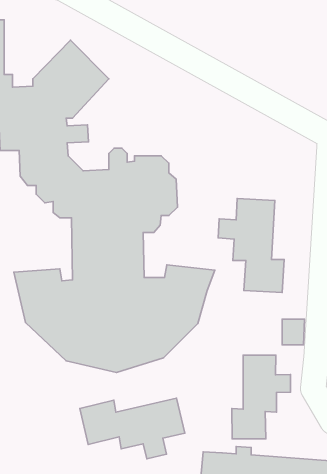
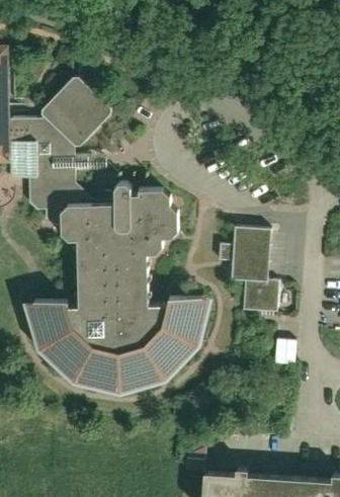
building: [232,355,291,439] -> none
building: [80,398,185,459] -> none

